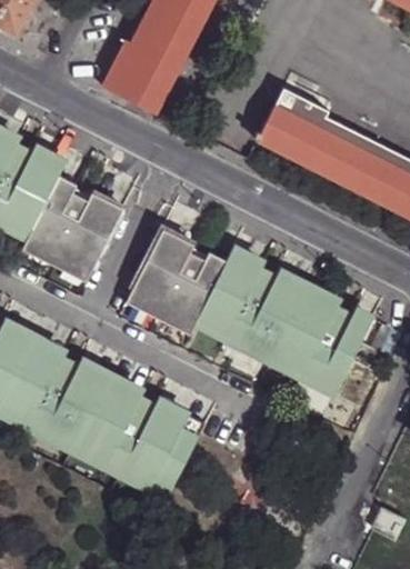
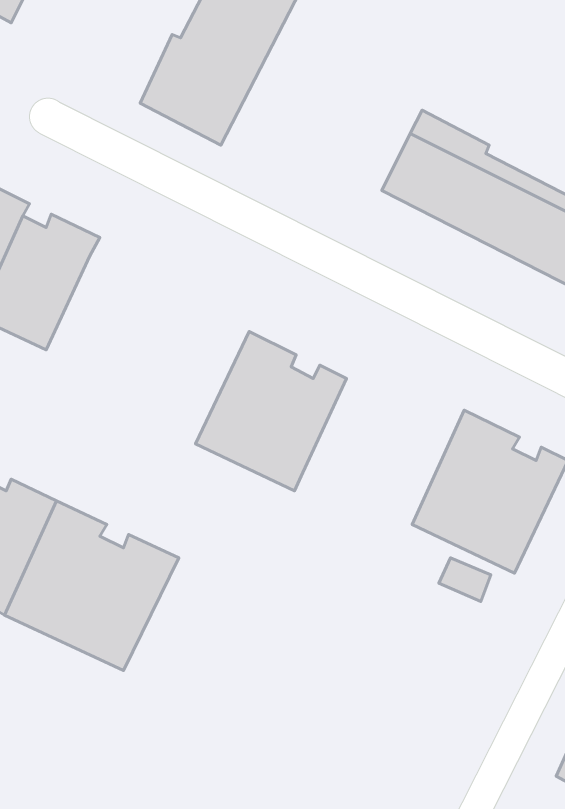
building: [27,183,128,289] -> none
building: [203,251,310,361] -> none
building: [84,383,214,496] -> none

